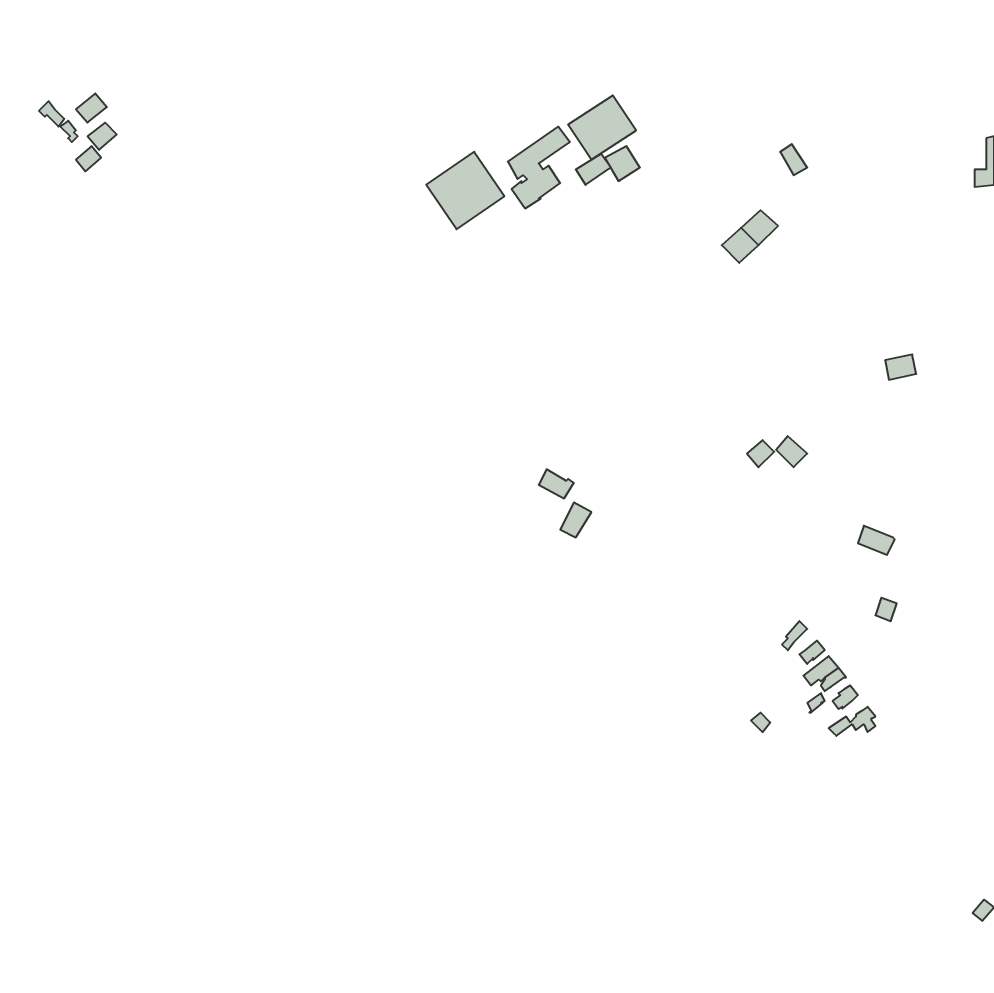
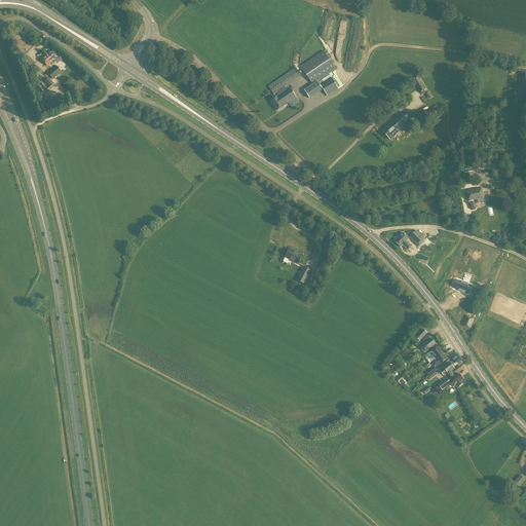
building: [426,152,504,229] -> none

